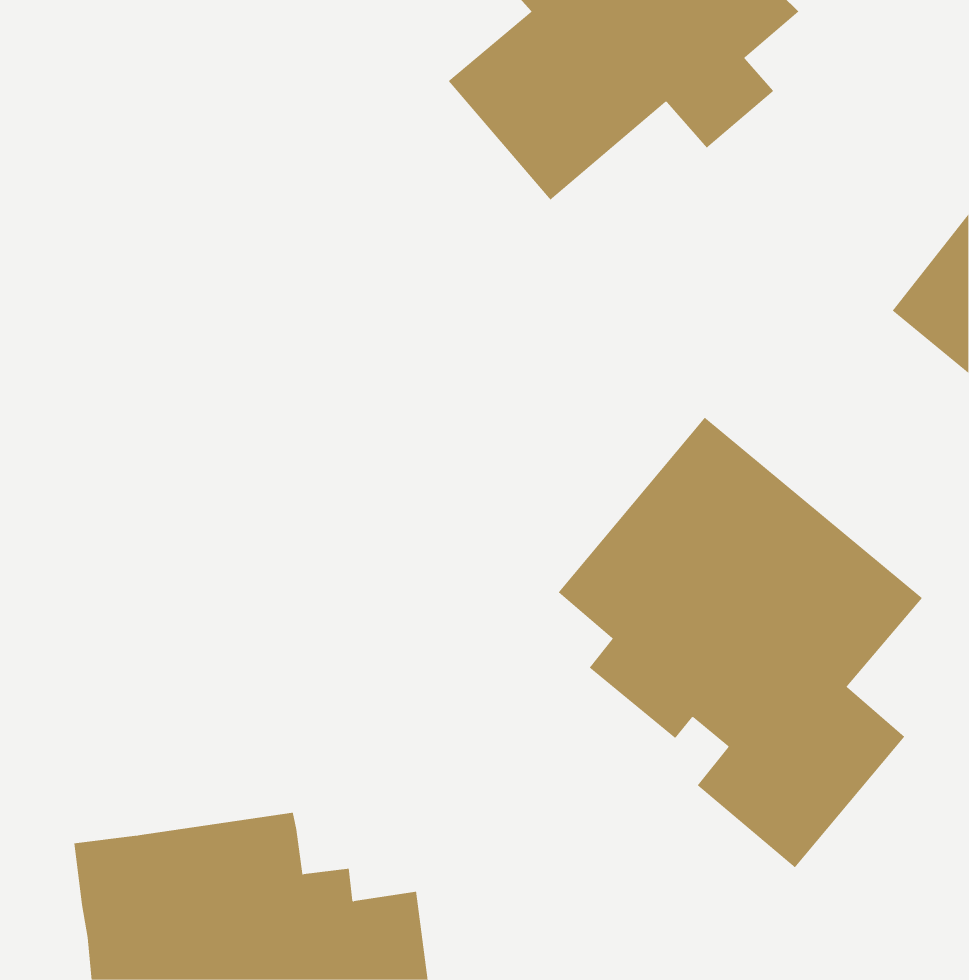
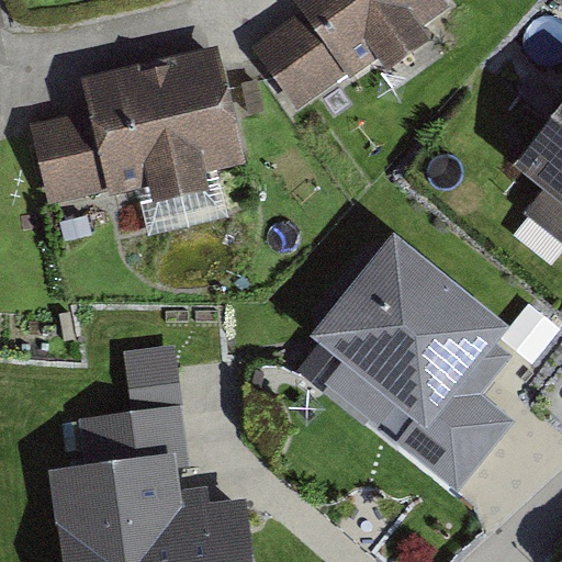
building: none -> [38,54,238,202]
building: none -> [71,347,184,475]

